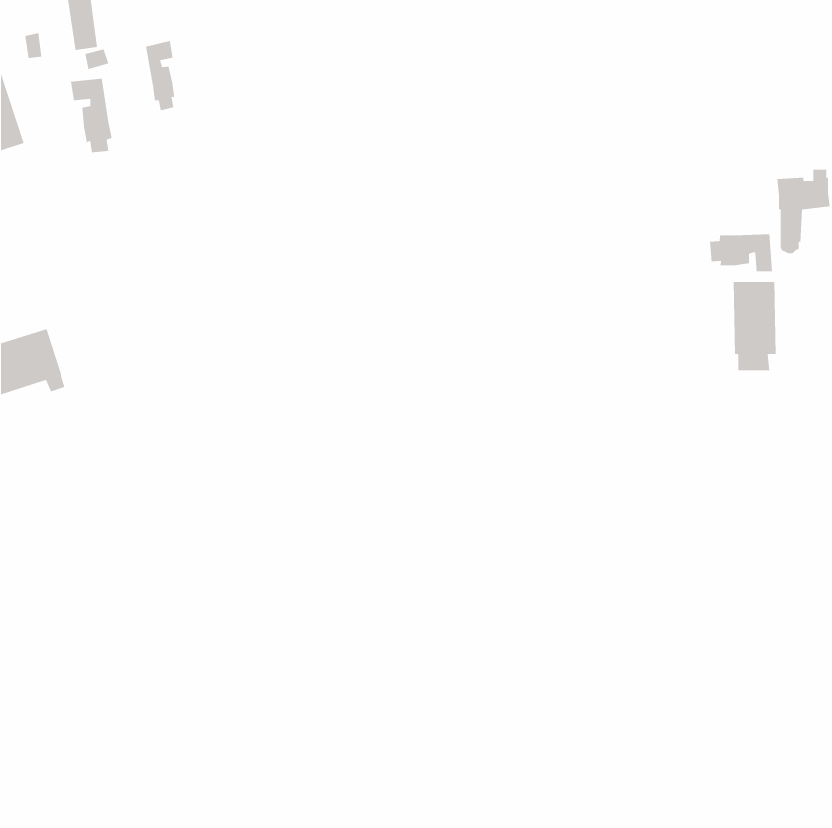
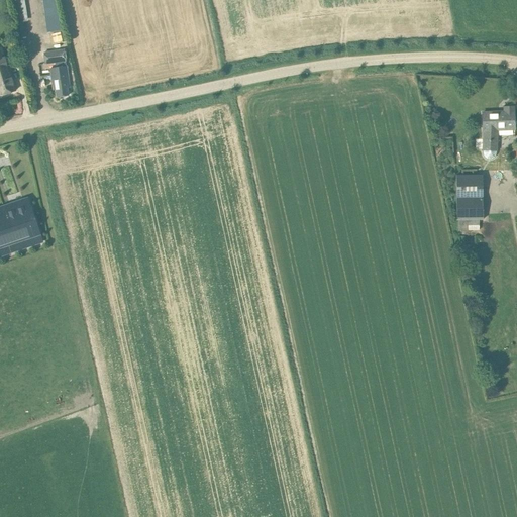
building: [146,40,175,111] -> none
building: [710,233,772,272] -> none

